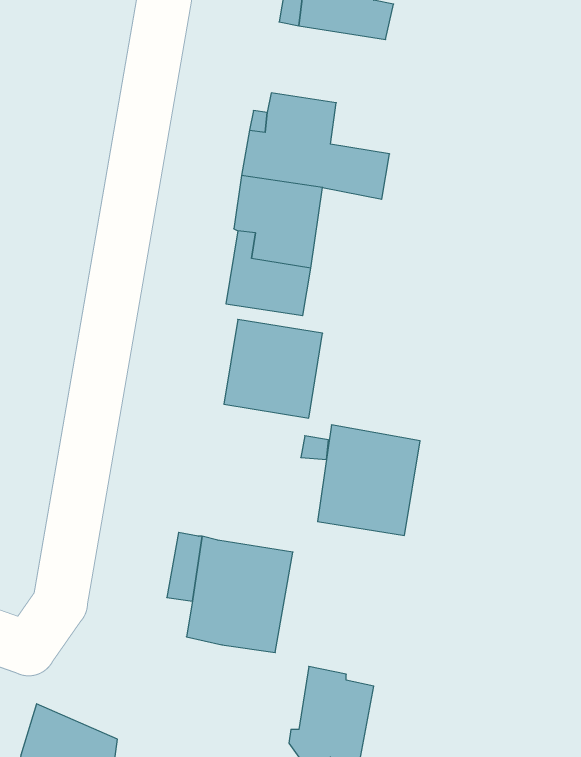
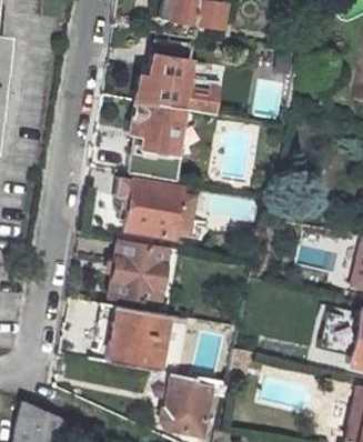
building: [318,425,420,535] -> [112,240,170,302]

